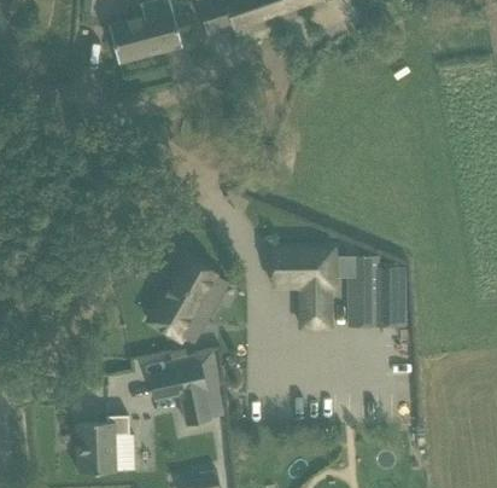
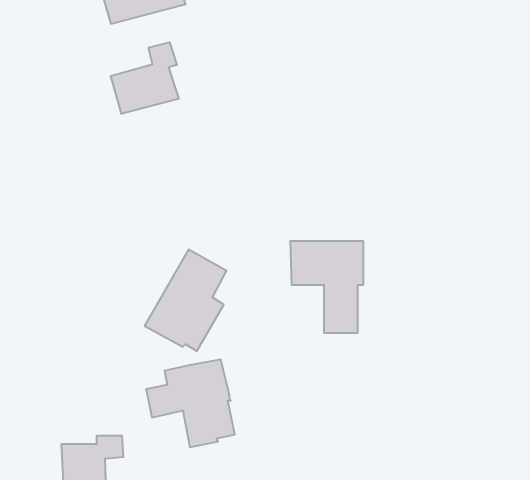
building: none -> [111,42,179,114]
building: [346,255,405,325] -> none

